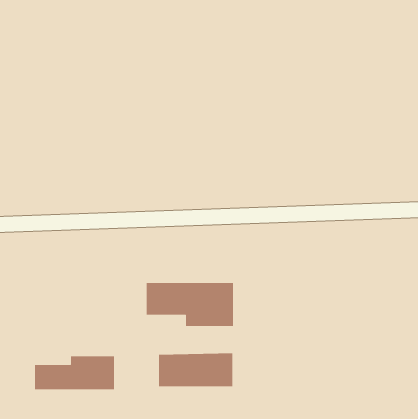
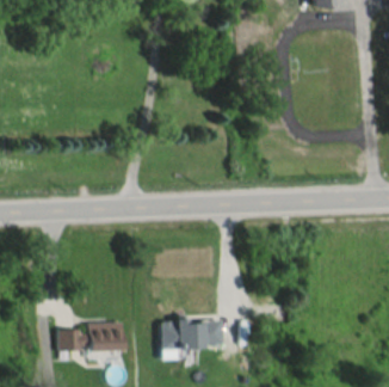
building: [146,282,234,327] -> none

